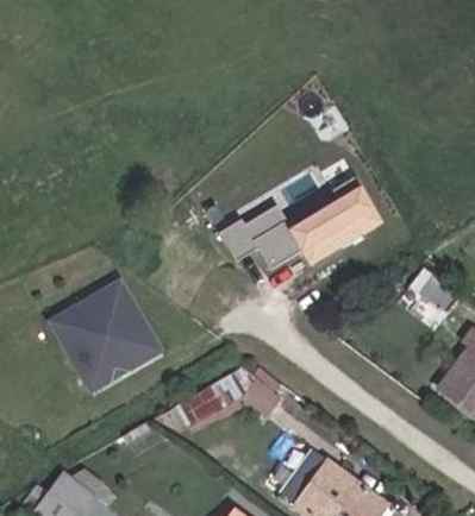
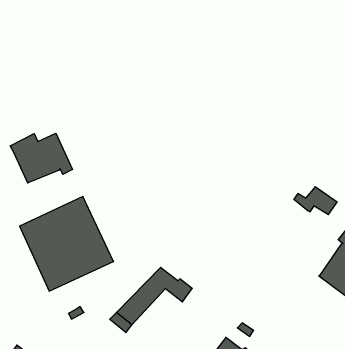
building: [227,182,390,268] -> none
building: none -> [10,133,73,183]

